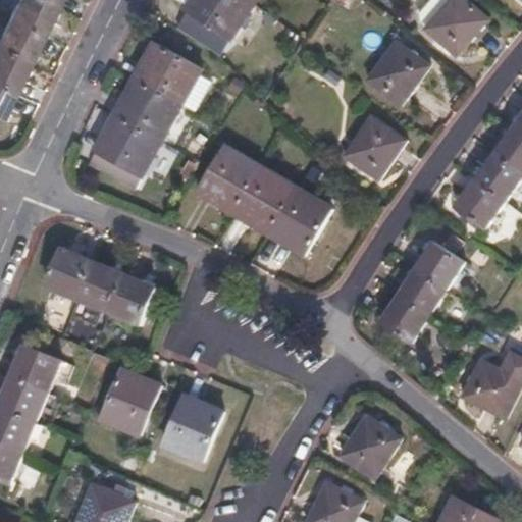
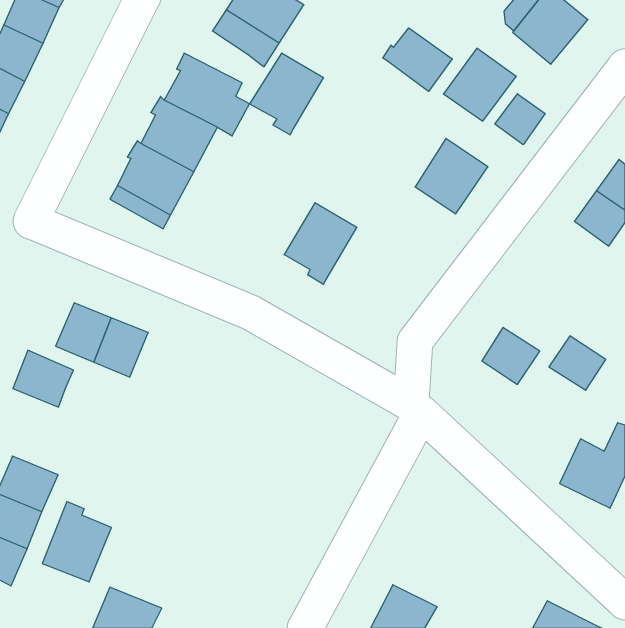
building: none -> [383,28,452,91]
building: none -> [495,94,545,145]
building: [199,147,260,214] -> [250,53,324,135]
building: [456,182,503,228] -> none
building: [269,188,330,255] -> none
building: [415,245,462,290] -> [549,336,606,390]
building: [107,274,153,323] -> none
building: [380,298,427,343] -> none
building: [10,345,60,392] -> [13,350,73,407]
building: [100,368,157,434] -> [42,502,111,582]
building: [162,398,221,460] -> none
building: [337,416,398,477] -> none

